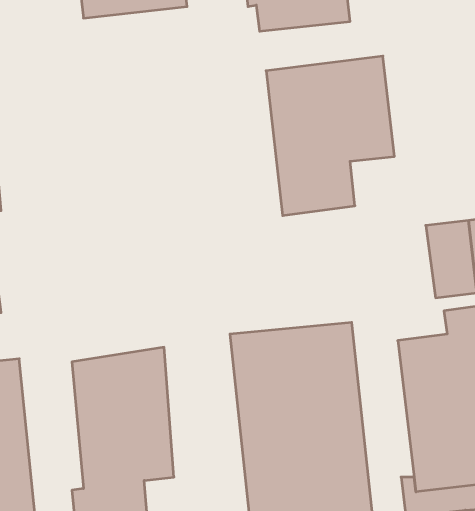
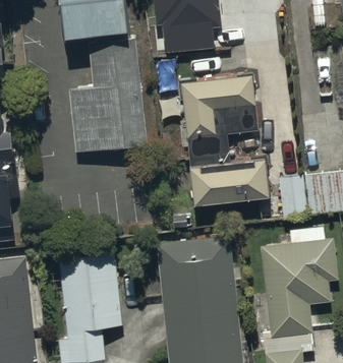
building: none -> [67,42,148,157]
building: none -> [188,158,269,209]

